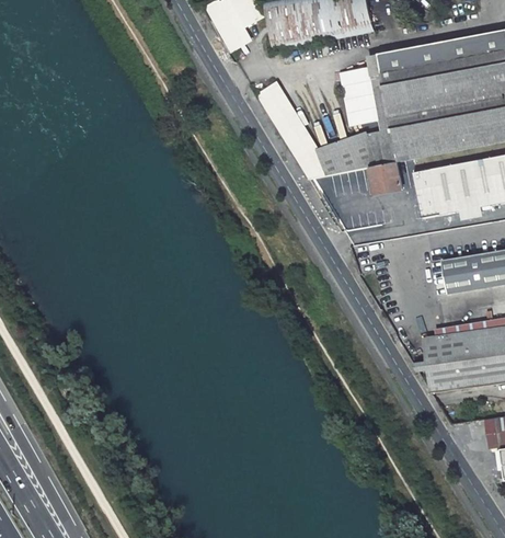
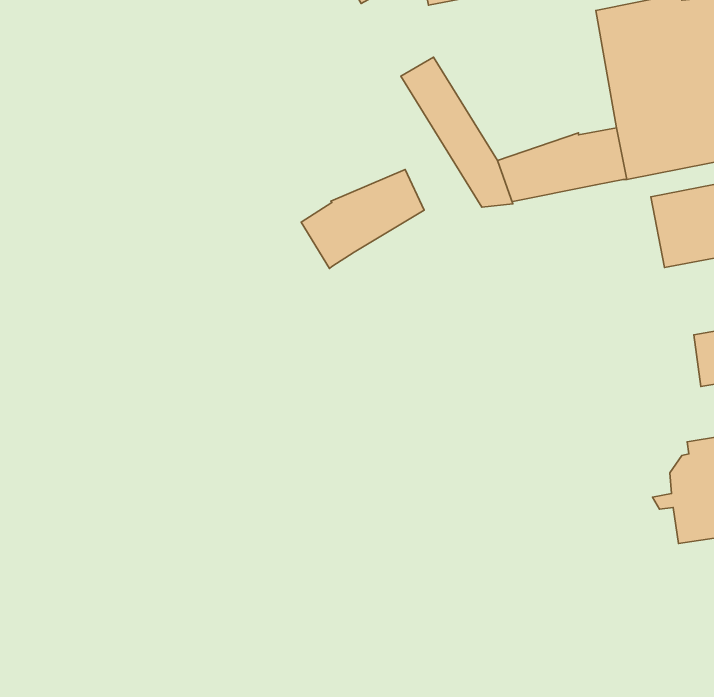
building: [341,64,389,125] -> none
building: none -> [301,169,424,269]
building: [371,160,403,193] -> none

